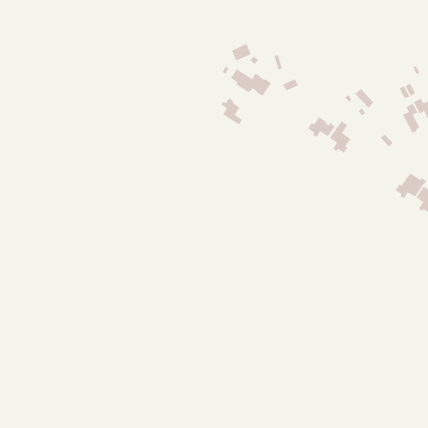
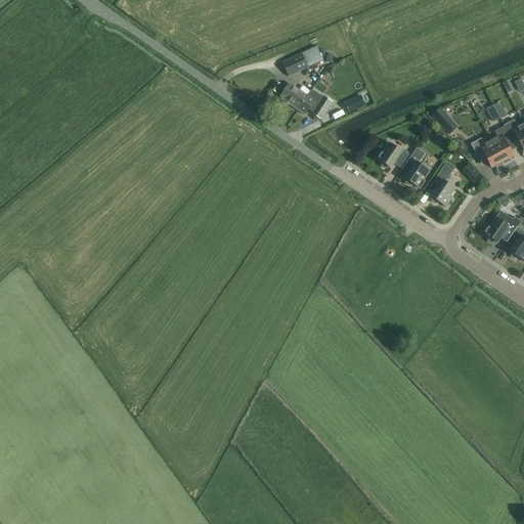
building: [221,97,243,126] -> none
building: none -> [471,137,504,167]
building: none -> [429,163,456,206]

